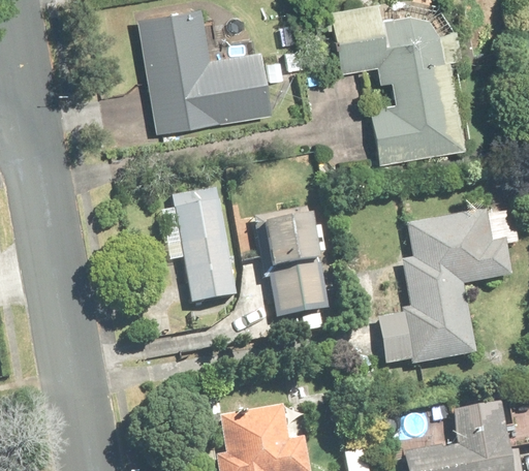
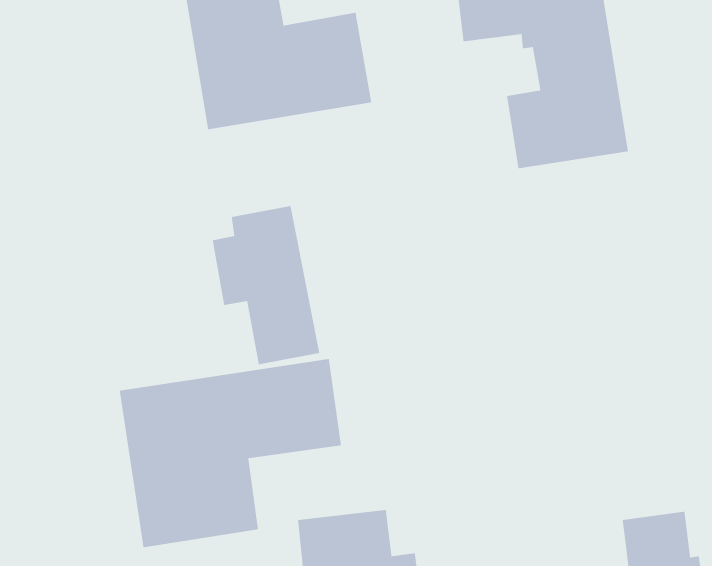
building: [380,211,510,364] -> none
building: [266,215,325,311] -> none
building: none -> [119,358,342,548]

